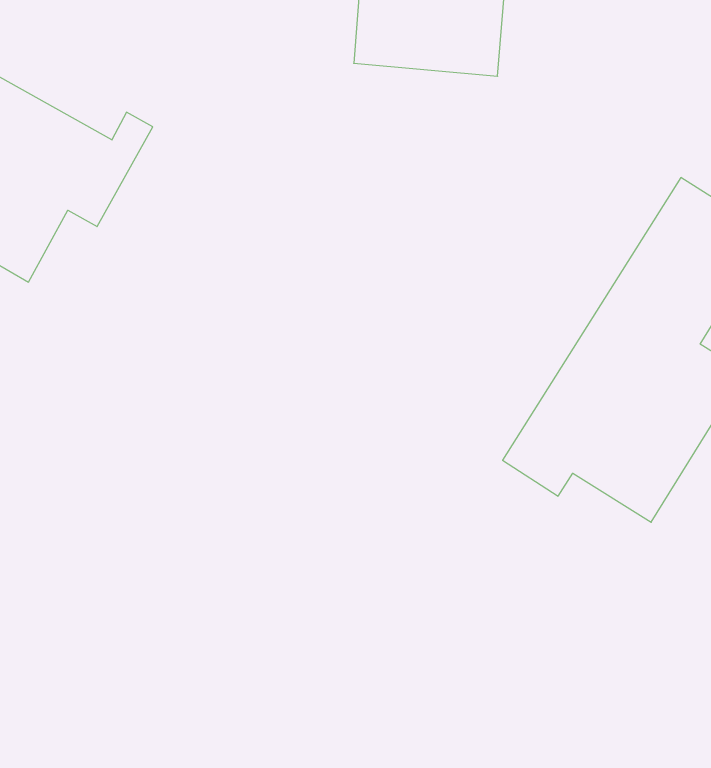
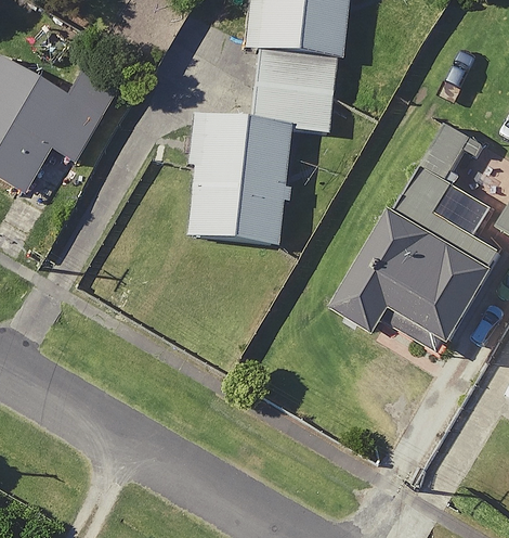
building: none -> [185,80,327,244]

